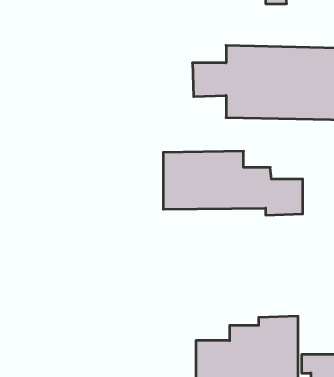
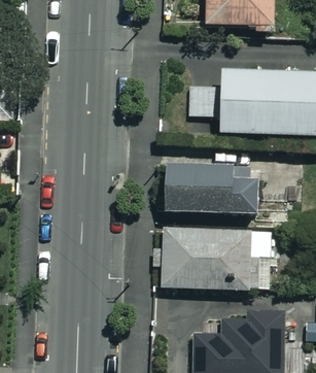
building: none -> [152,225,269,291]

